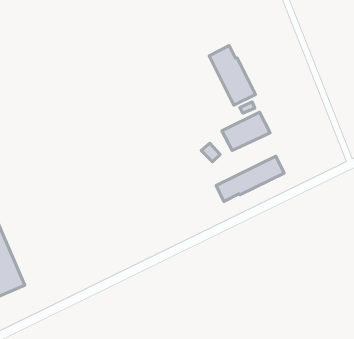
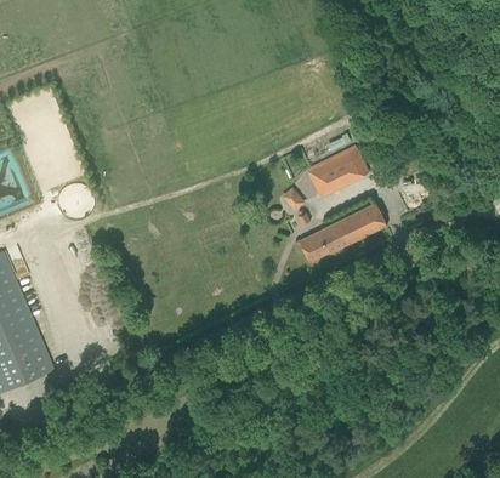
building: [209,46,256,105] -> none

